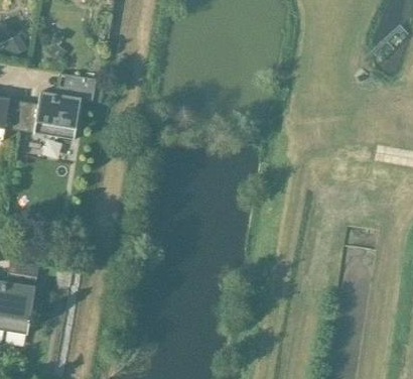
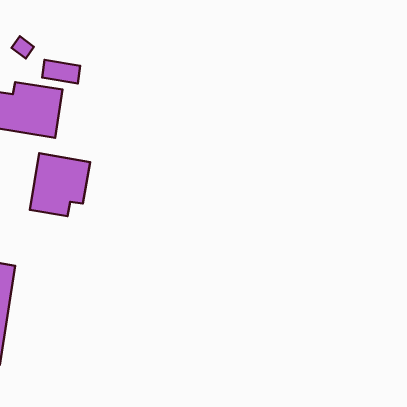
building: none -> [30,153,90,216]

